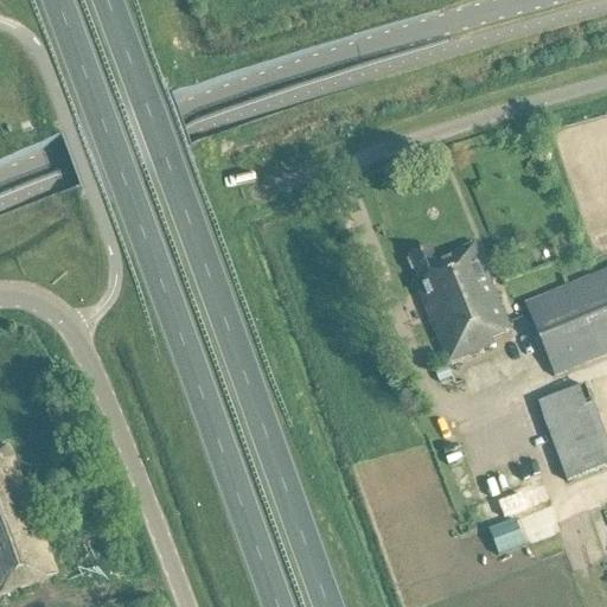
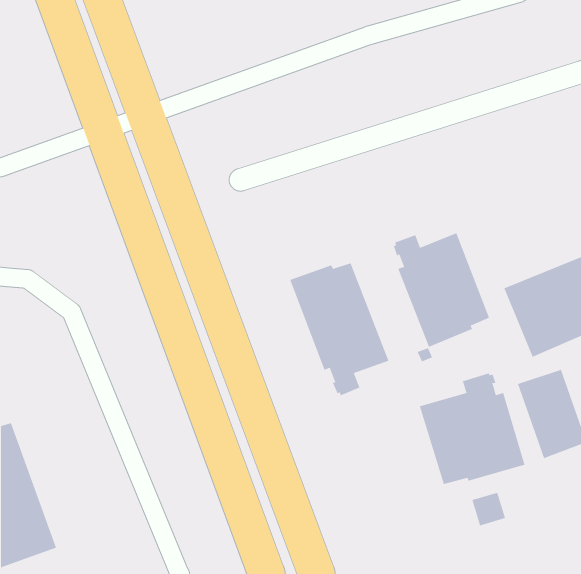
building: none -> [289,262,389,396]
building: none -> [419,372,525,485]

